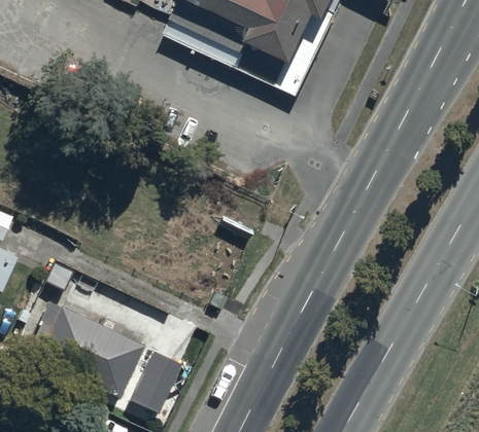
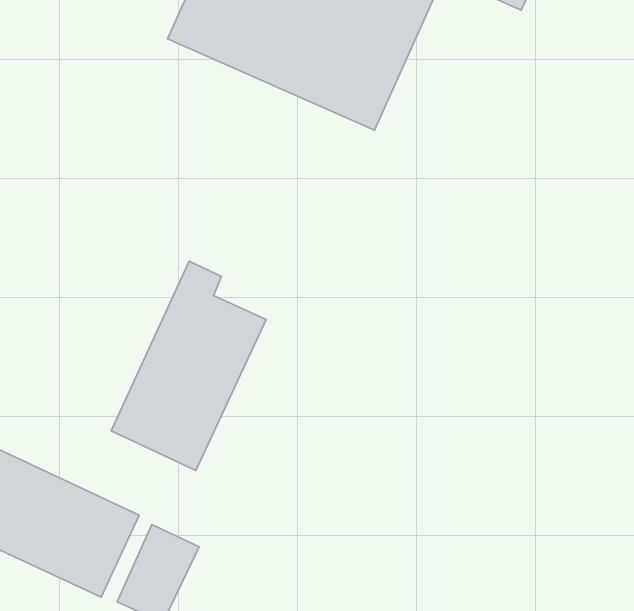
building: none -> [111,261,266,470]

